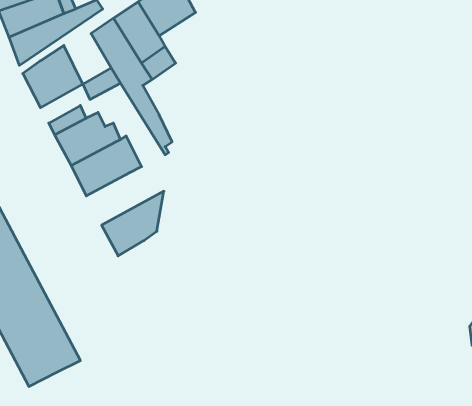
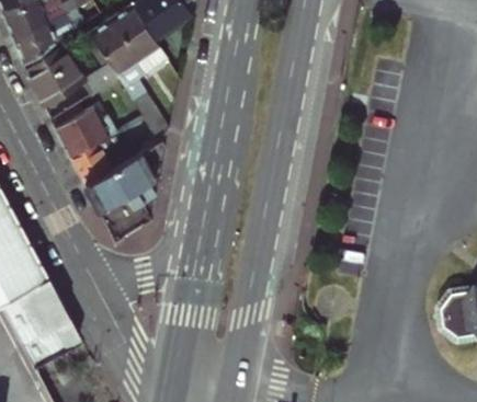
building: none -> [86,146,166,215]

